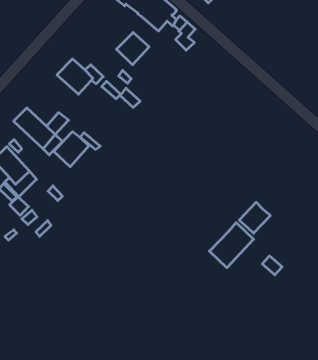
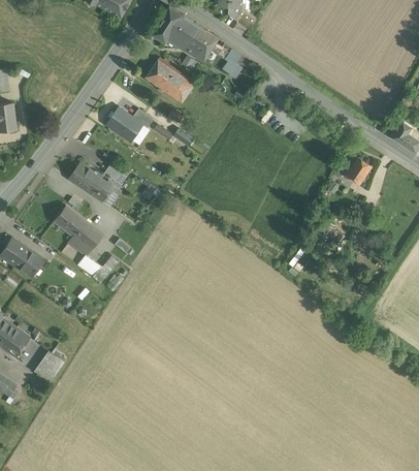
building: none -> [144,57,176,89]
building: [54,132,89,167] -> none
building: none -> [342,156,372,184]
building: [209,223,254,268] -> none

